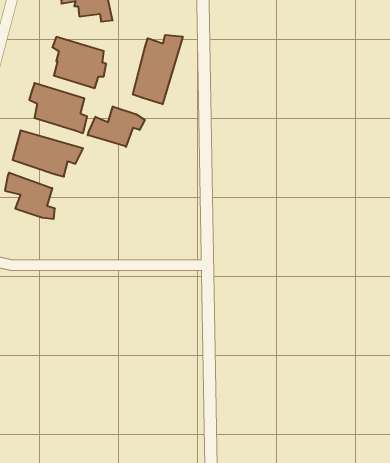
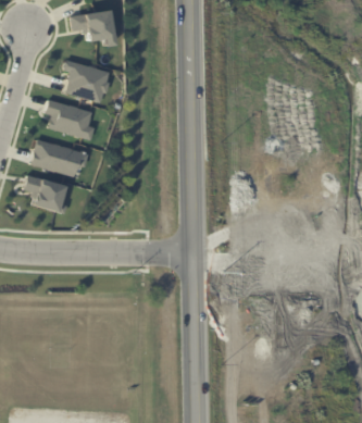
building: [133,35,183,104] -> none
building: [88,106,145,147] -> none

